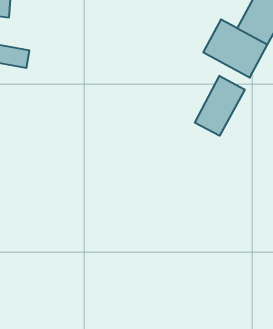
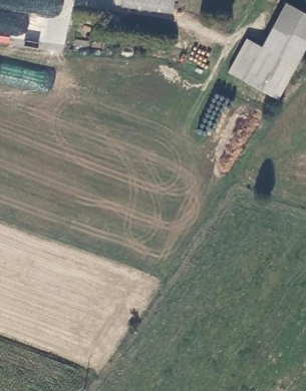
building: [195,76,245,136] -> none

